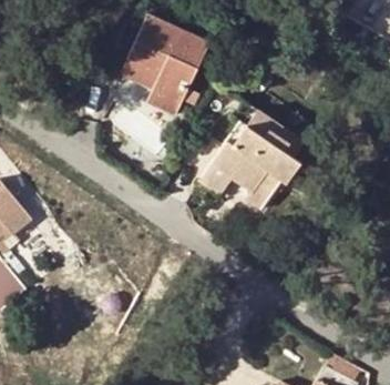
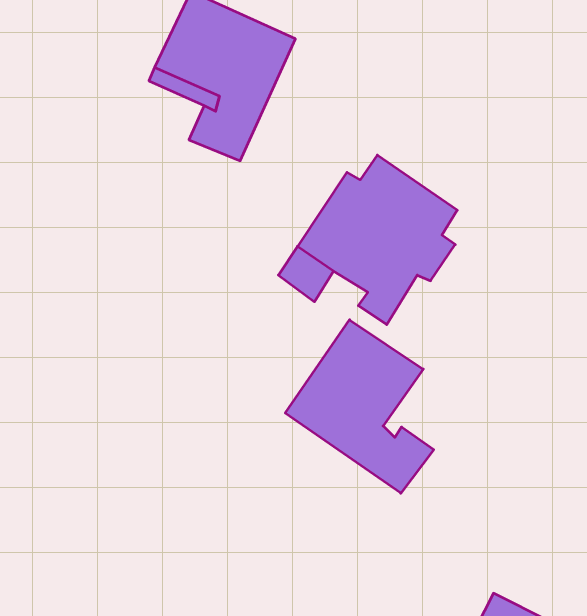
building: none -> [285,320,434,493]

